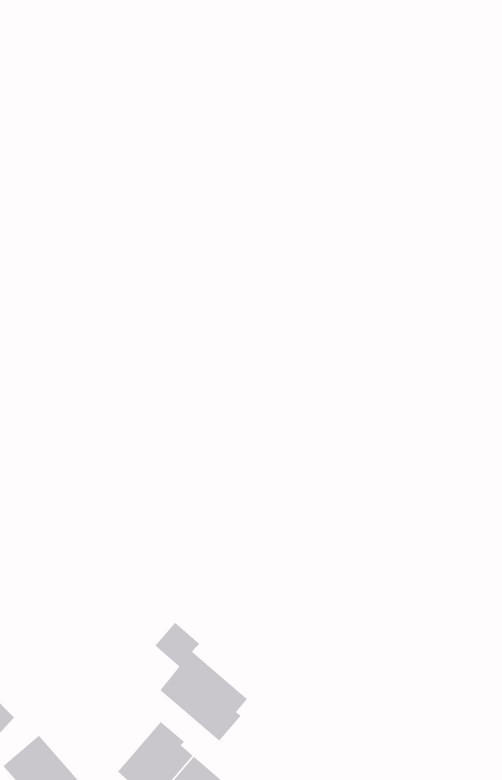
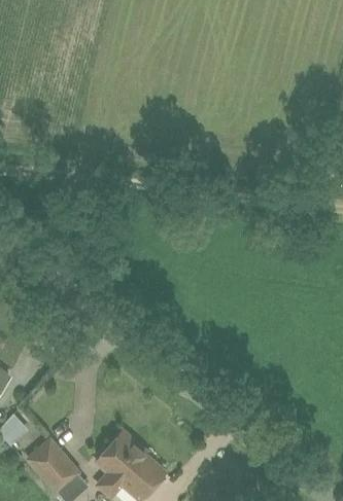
building: [154,622,248,741] -> none

